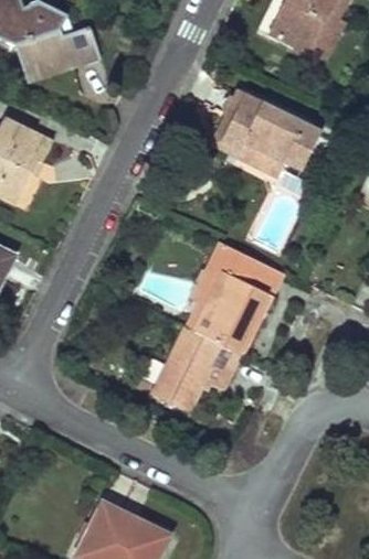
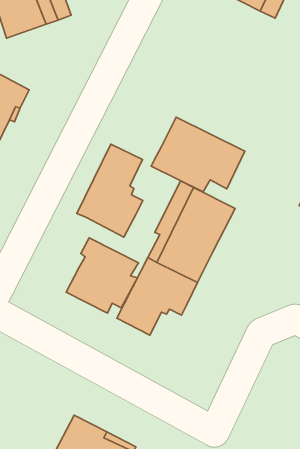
building: [218,93,321,175] -> [151,117,245,192]
building: none -> [77,144,143,237]
building: none -> [66,238,139,313]

